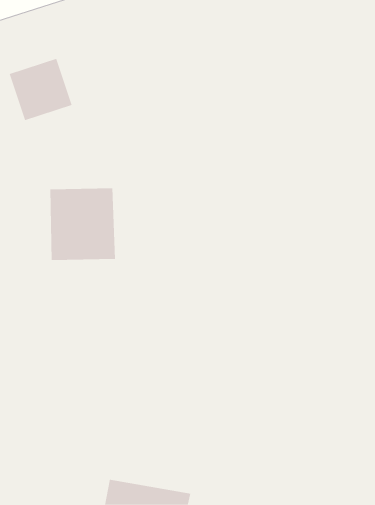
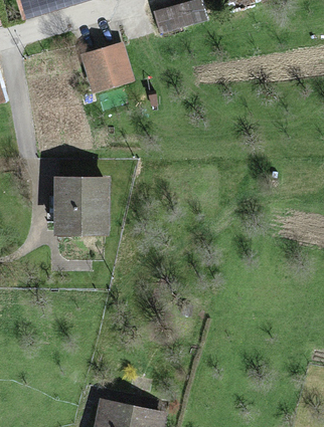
building: [9,58,72,121] -> [82,43,131,91]

